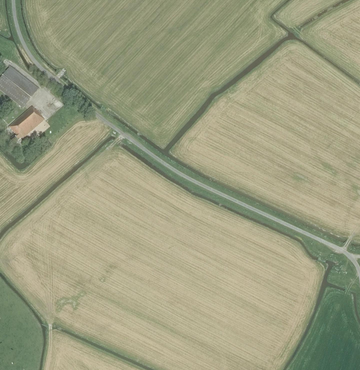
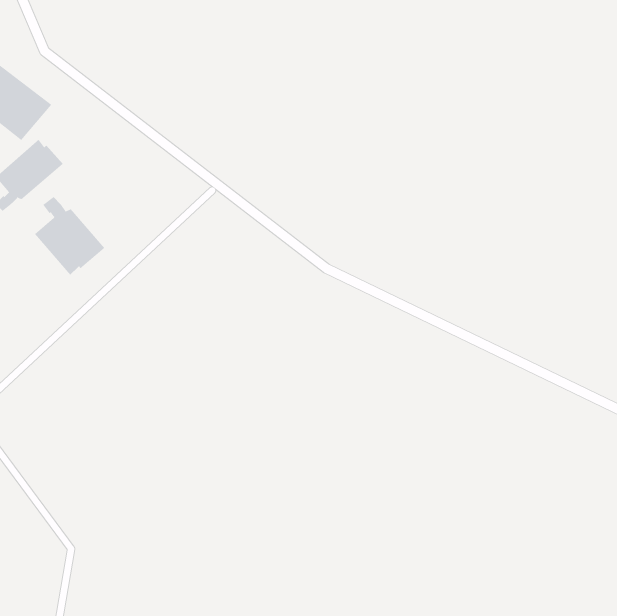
building: none -> [34,196,105,275]

